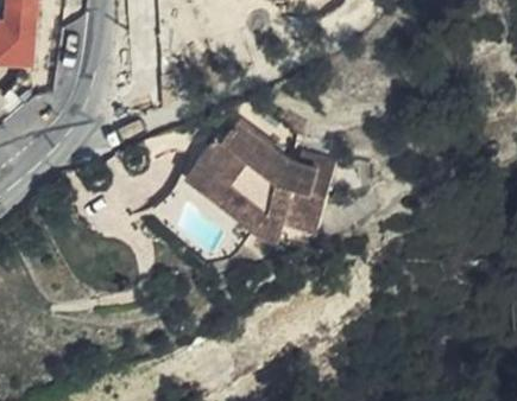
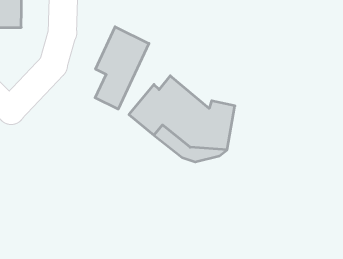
building: none -> [95,27,149,109]

